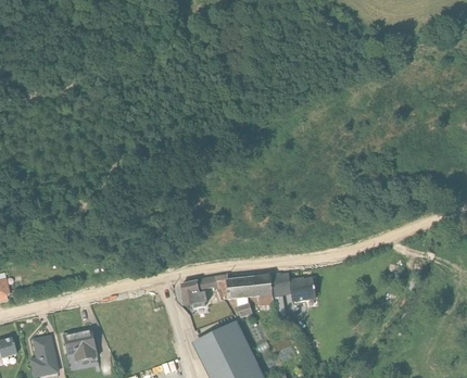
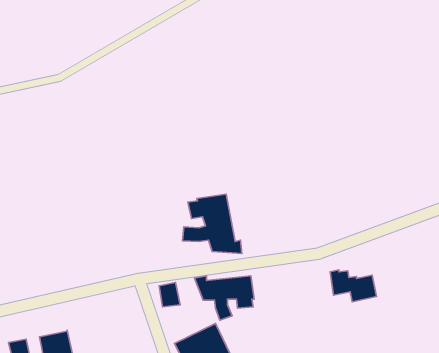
building: none -> [183,194,242,253]
building: [270,272,316,303] -> [330,270,377,302]

